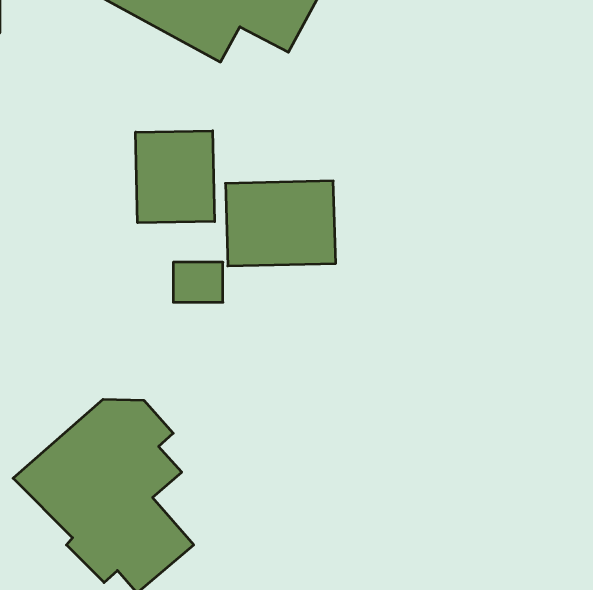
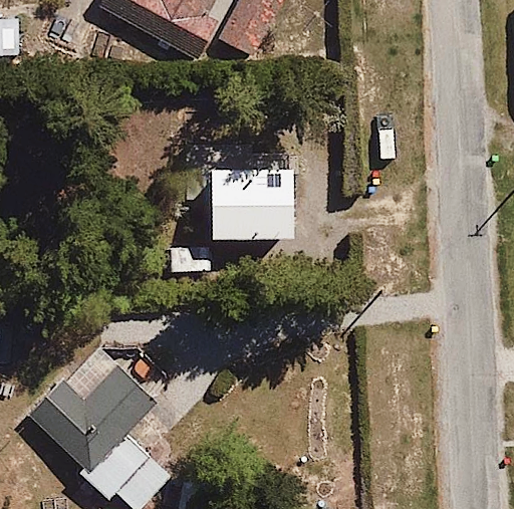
building: [136,131,215,223] -> none

